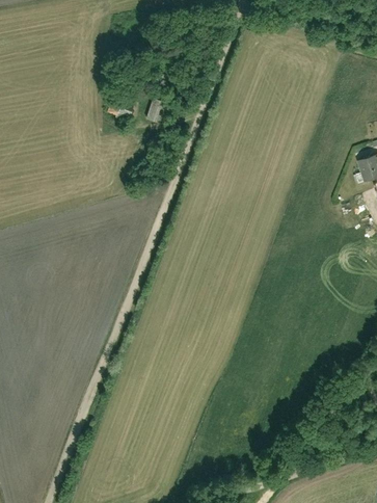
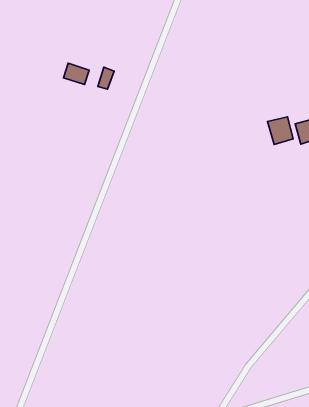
building: none -> [268,117,293,144]

